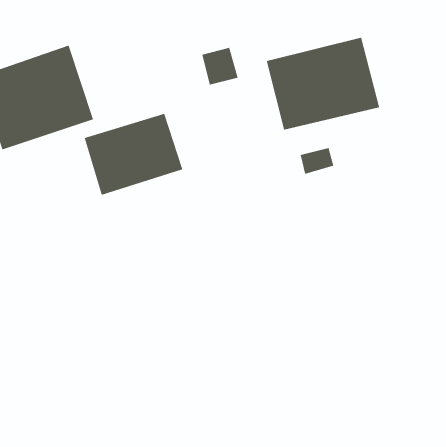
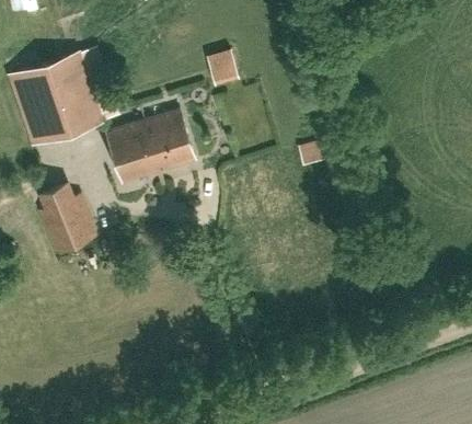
building: [266,37,380,131] -> none
building: none -> [38,194,95,252]

